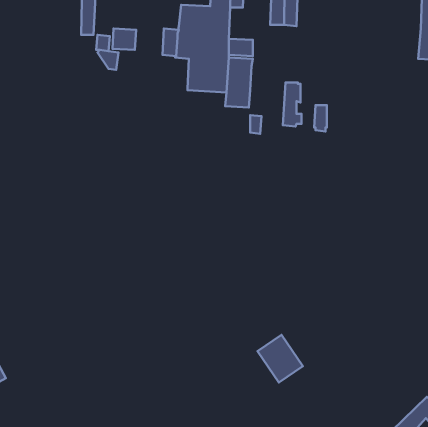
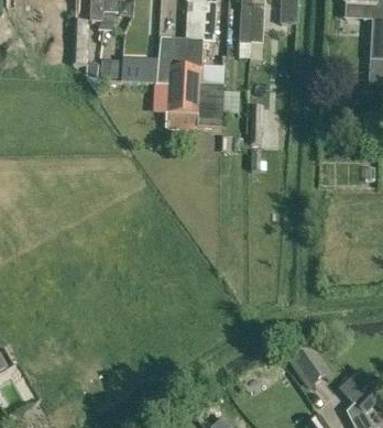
building: [258,335,303,382] -> [291,344,330,386]

